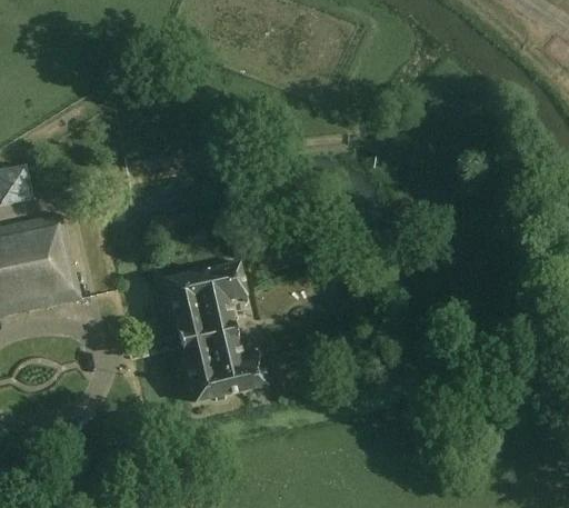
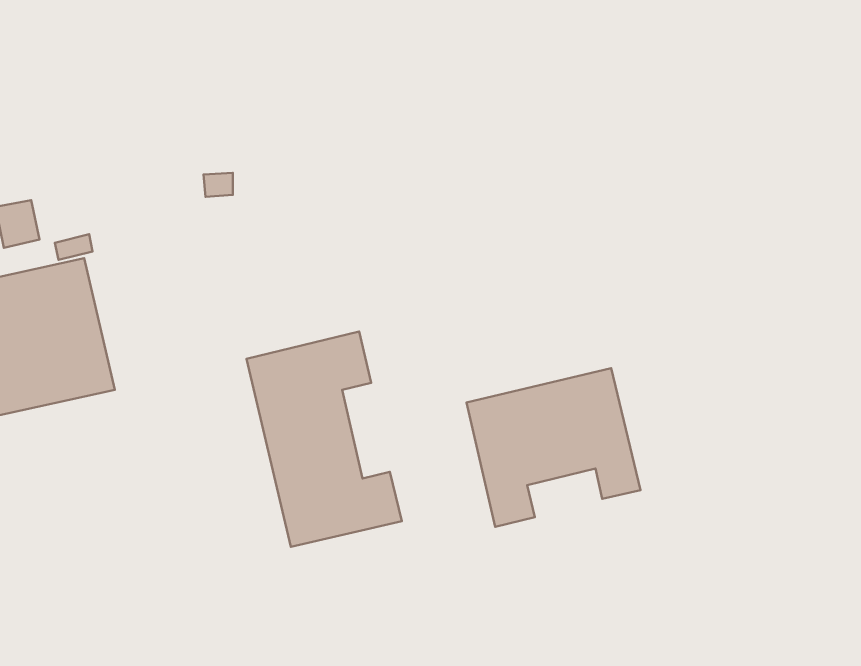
building: none -> [466,368,640,527]

